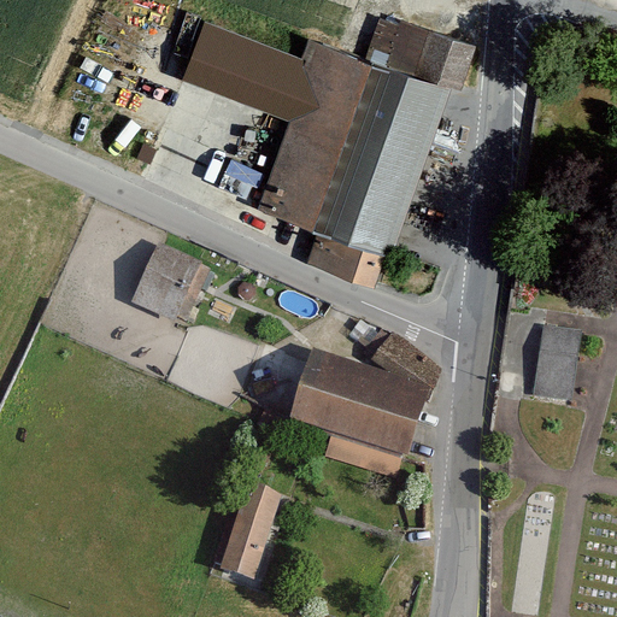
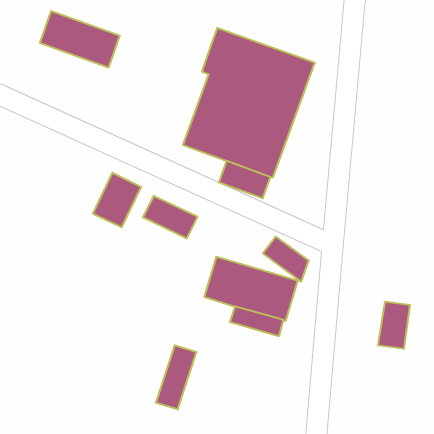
building: [386,18,474,86] -> none
building: [188,22,301,101] -> [40,11,120,67]
building: none -> [143,196,197,238]
building: [533,334,578,400] -> [378,302,410,349]

